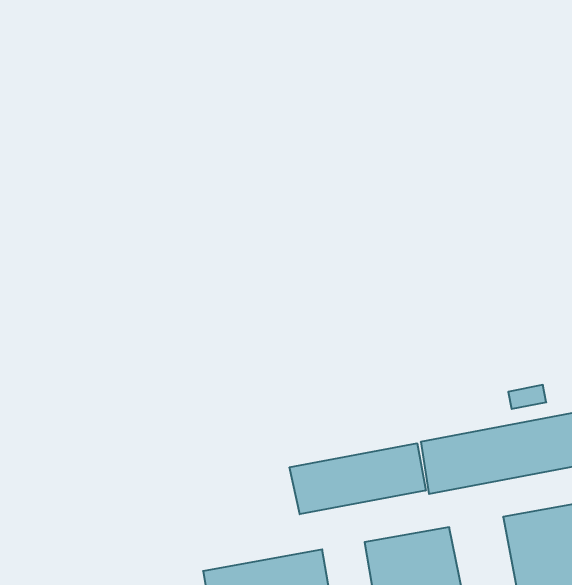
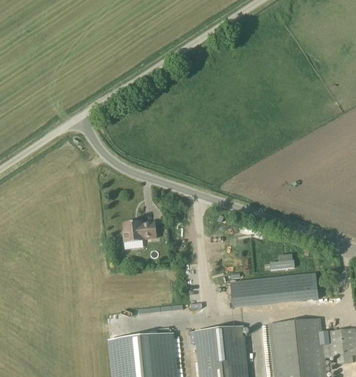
building: none -> [123,219,157,240]
building: [290,443,426,514] -> none

